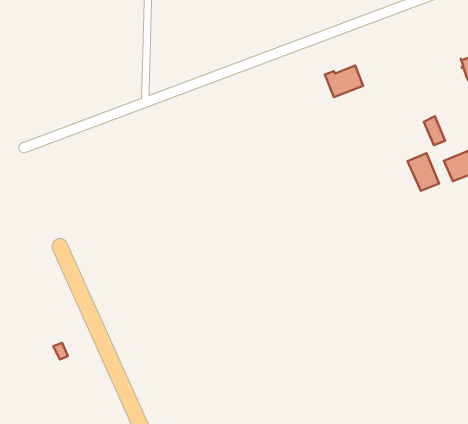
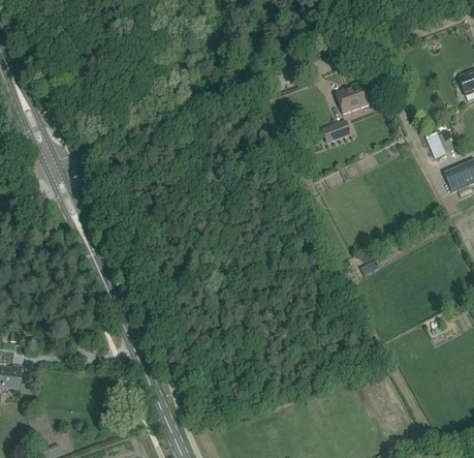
building: none -> [321,119,350,142]
building: [407,153,439,191] -> none

